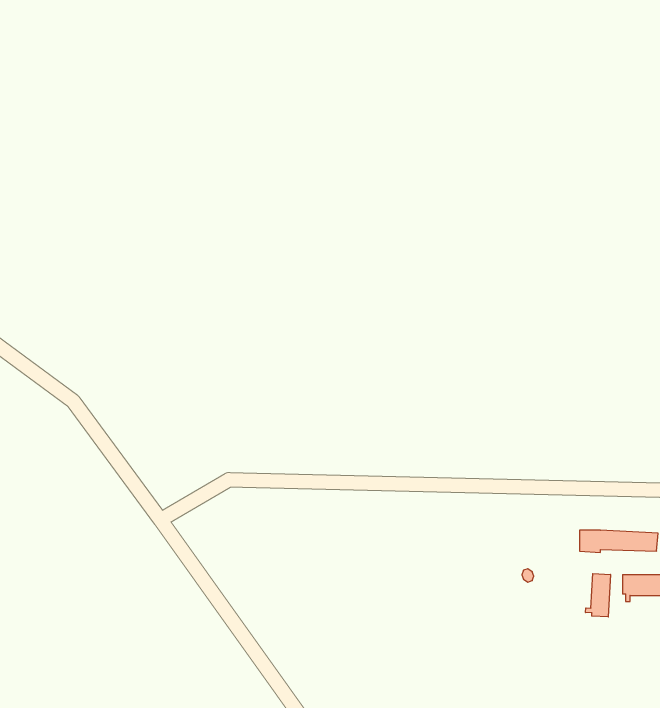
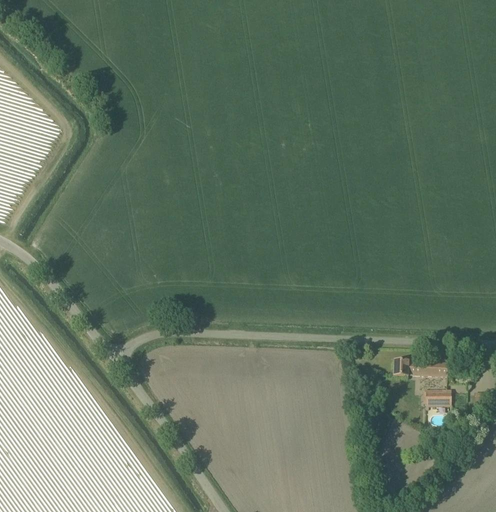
building: [586,574,610,617] -> none

